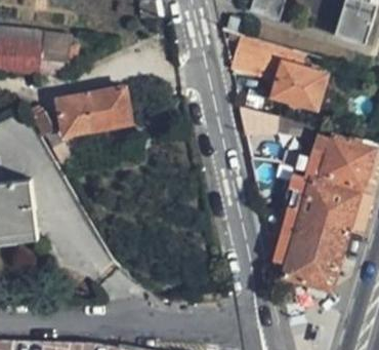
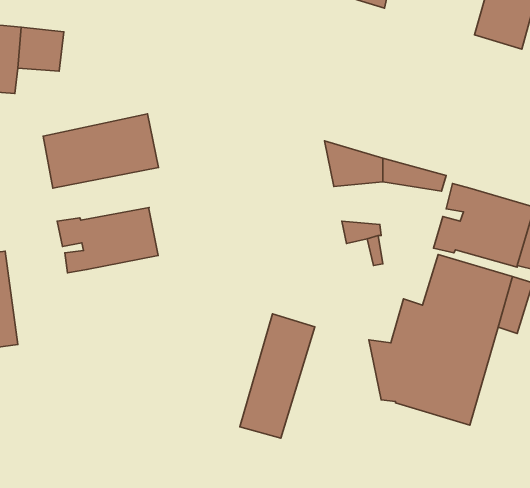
building: [228,33,326,108] -> none
building: none -> [57,207,158,273]
building: none -> [240,314,315,438]

